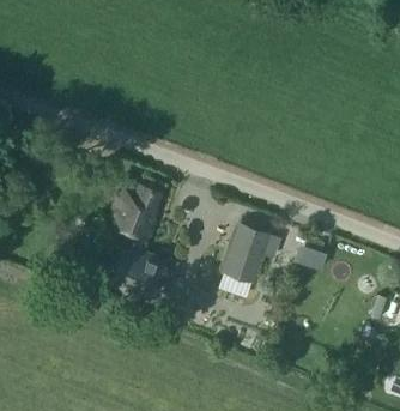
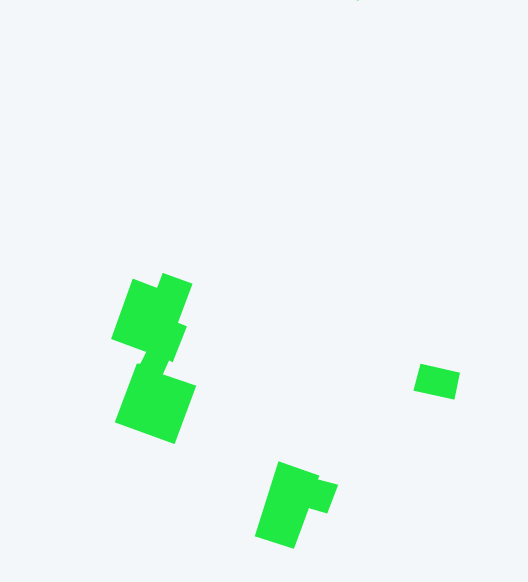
building: [225,223,280,280] -> [254,461,339,550]

